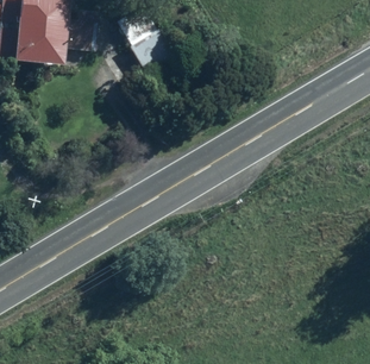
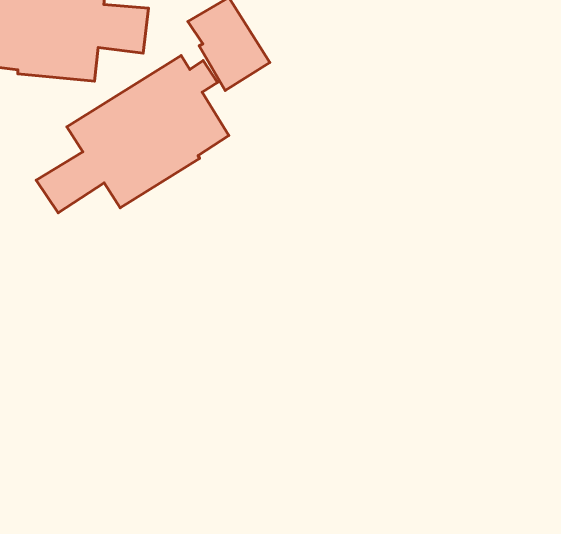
building: none -> [36,56,229,213]

